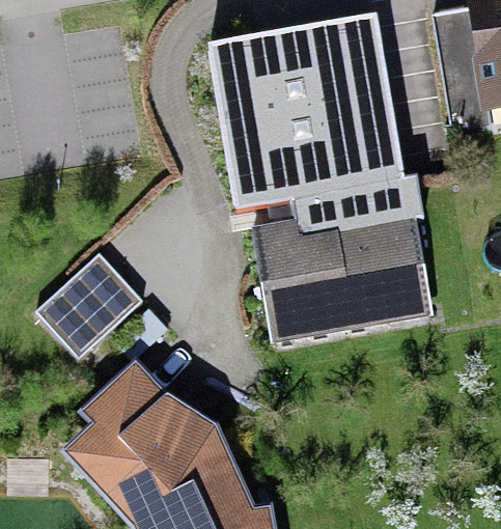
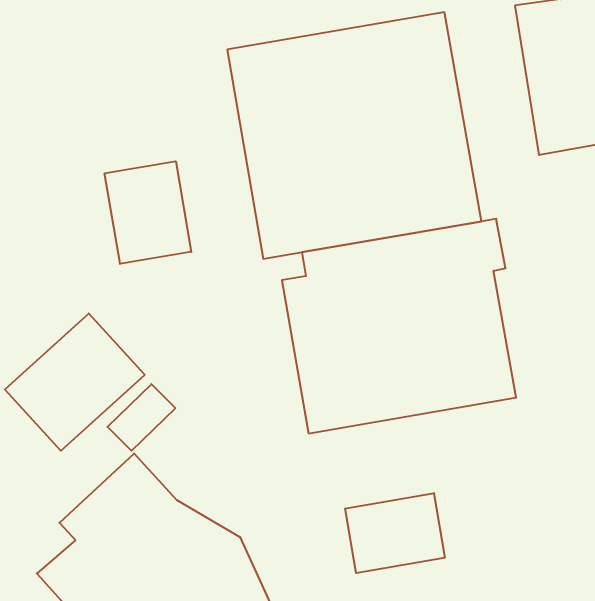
building: none -> [105,161,191,264]
building: none -> [345,493,445,573]

